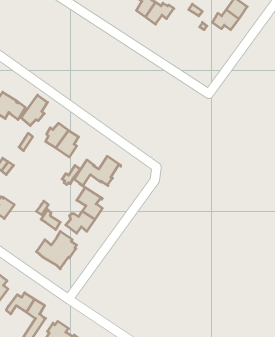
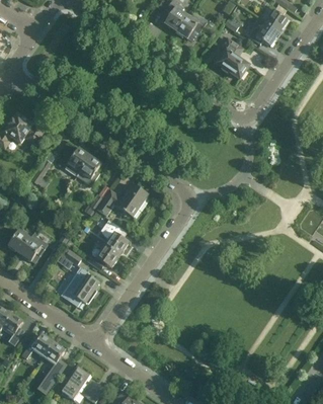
building: none -> [217,41,249,79]
building: [21,95,48,126] -> none
building: none -> [19,234,47,263]

